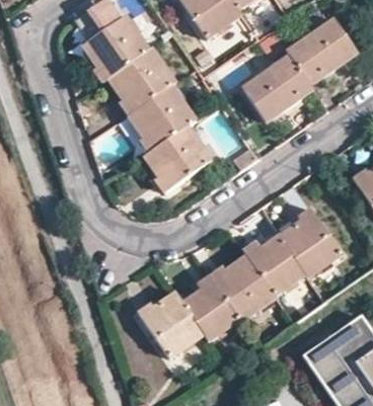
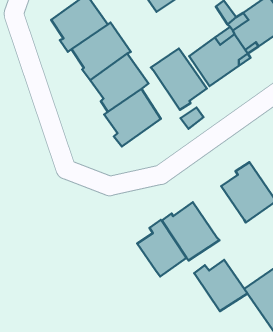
building: none -> [151,48,207,110]
building: [243,236,304,295] -> [194,260,247,311]
building: [137,291,203,357] -> none

